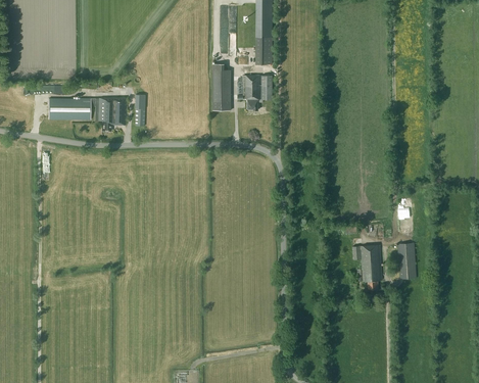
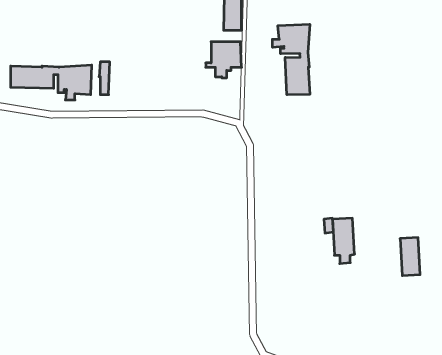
building: none -> [272,24,310,95]
building: [211,63,230,110] -> none
building: [396,242,416,279] -> [400,238,420,276]

